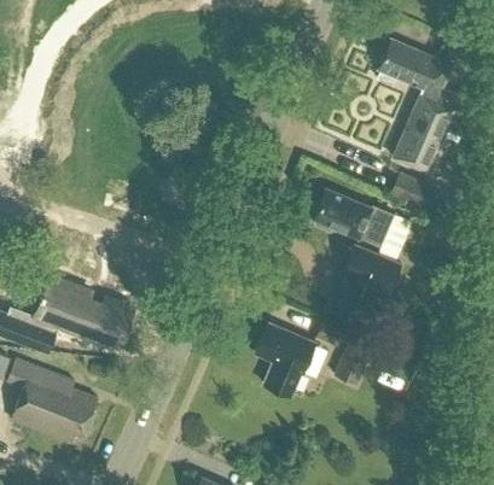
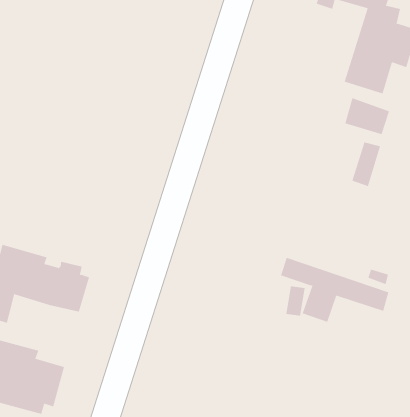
building: [312,188,393,246] -> none
building: [343,246,400,292] -> none
building: [255,323,314,395] -> none

